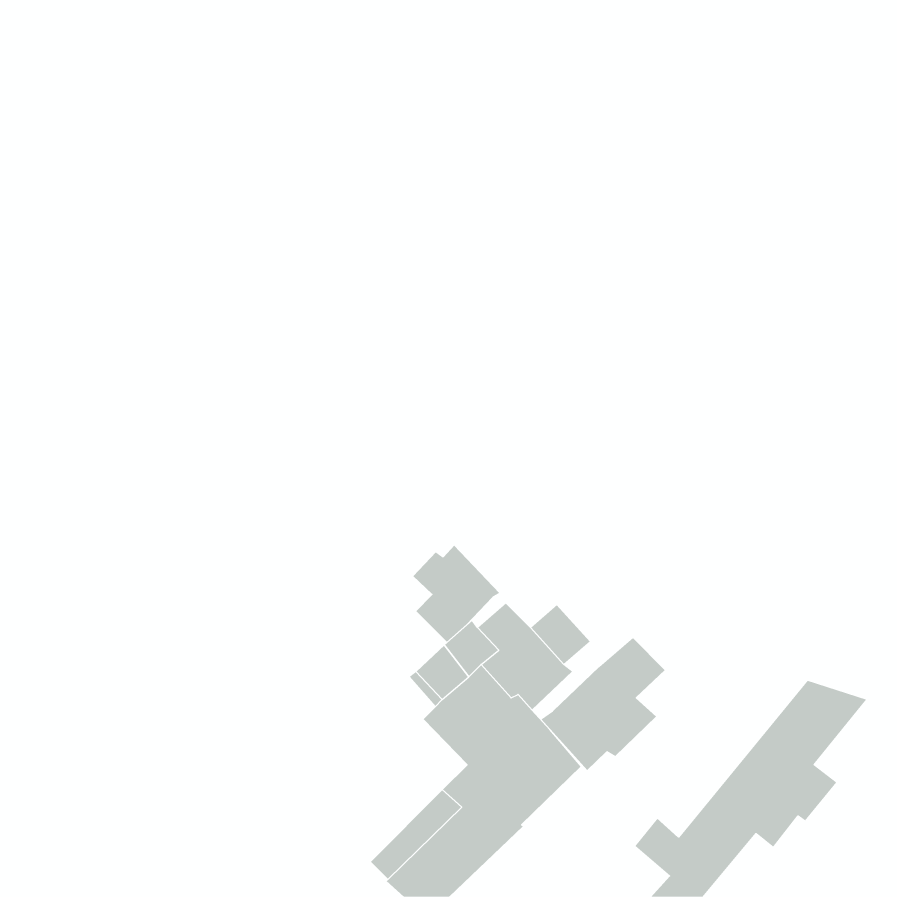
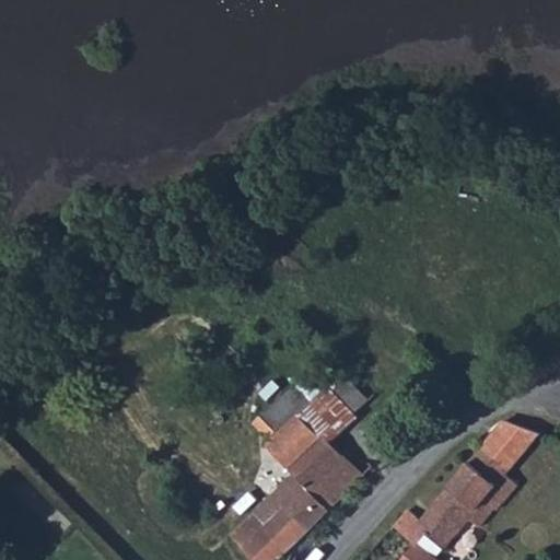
building: [412,545,500,642] -> none
building: [541,637,666,771] -> none

